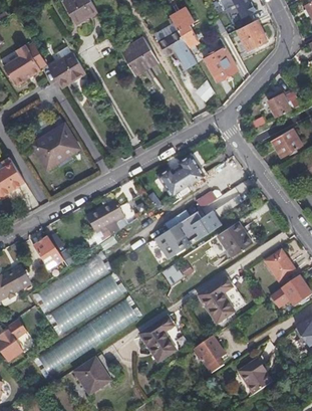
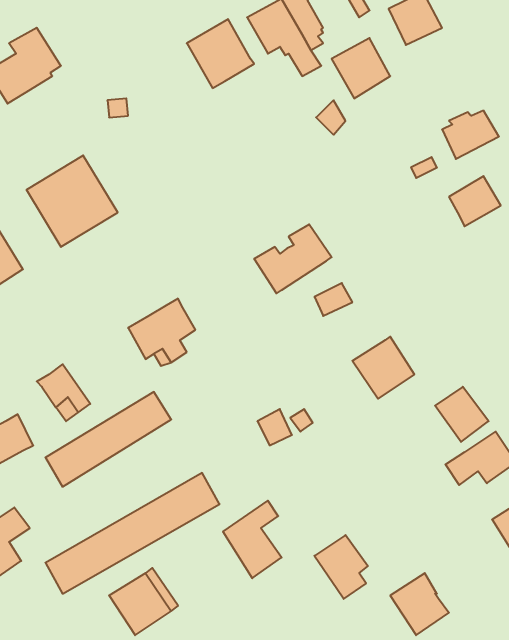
building: [47,52,85,88] -> none
building: [154,210,222,258] -> none
building: [49,273,124,333] -> none
building: [199,278,233,323] -> none

